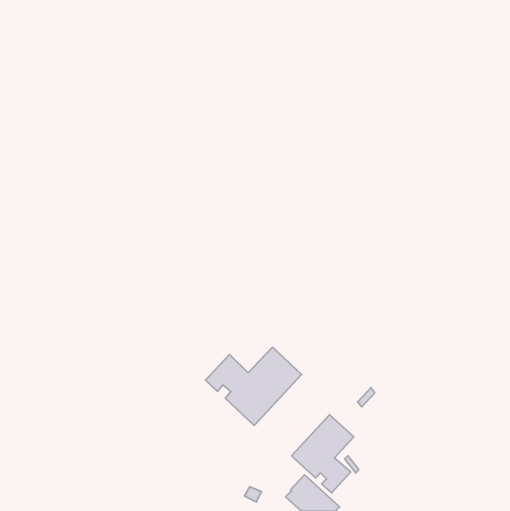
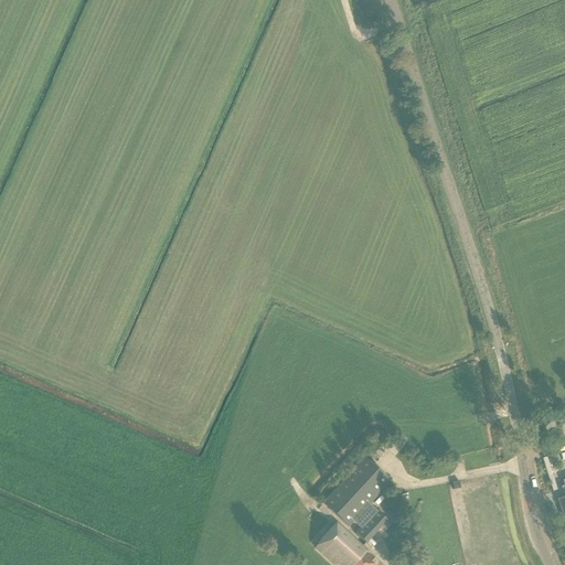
building: [205,347,301,425] -> none

